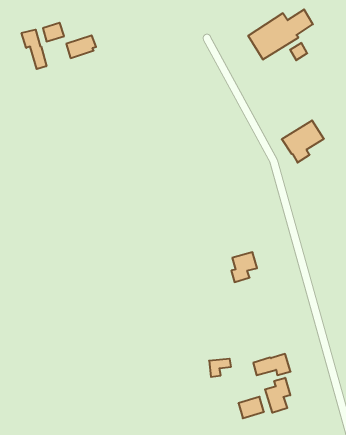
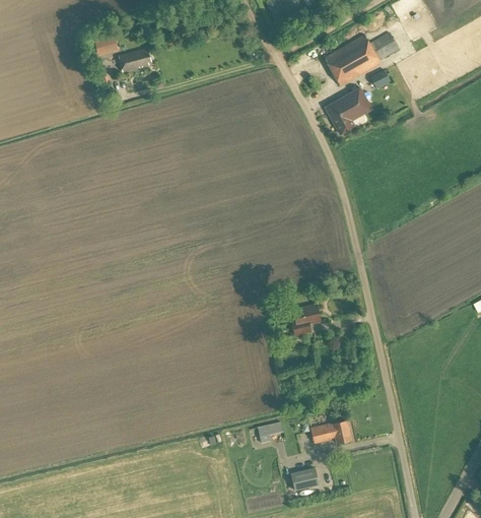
building: [22,30,46,69] -> none
building: [282,120,324,163] -> [325,88,372,135]
building: [265,378,290,413] -> none

